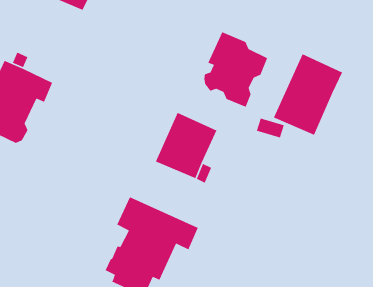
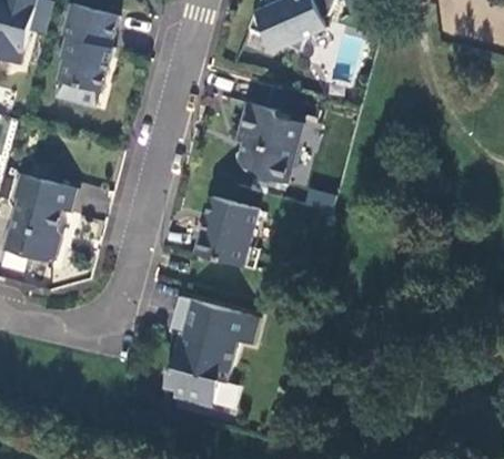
building: [273,53,343,136] -> none

